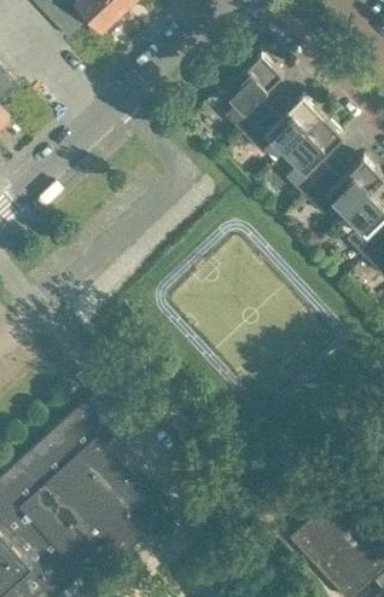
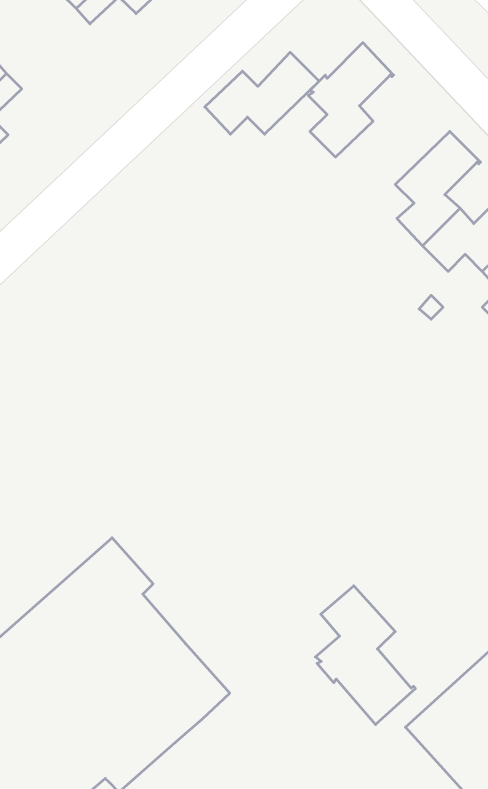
building: [242,97,322,155] -> [205,52,319,134]
building: none -> [315,586,415,725]

